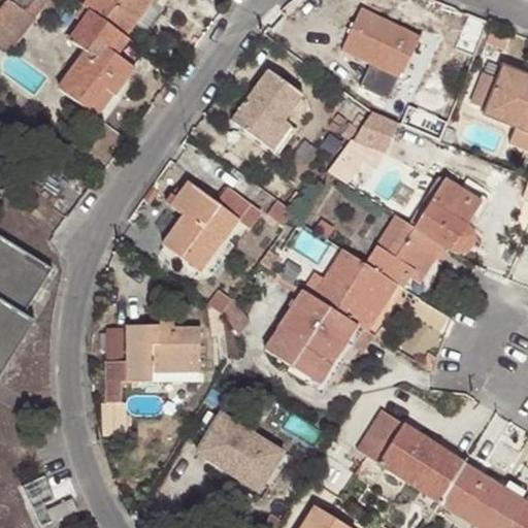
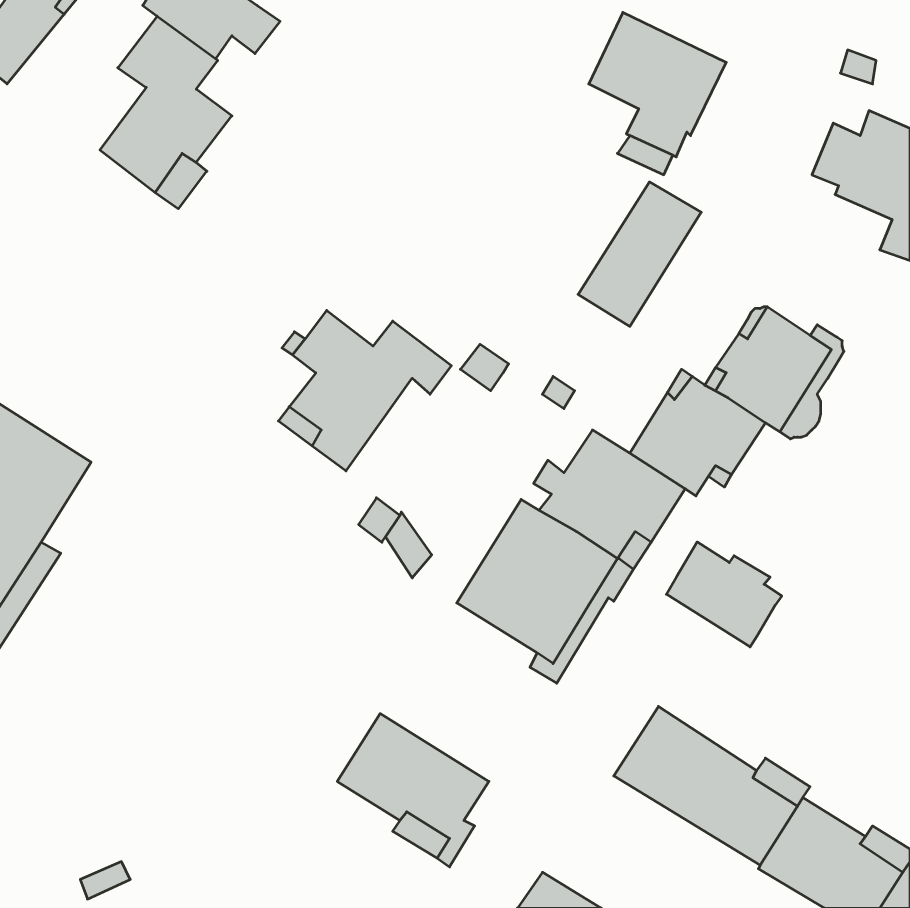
building: [230,69,301,148] -> none
building: none -> [666,542,782,647]
building: [104,318,200,402] -> none

